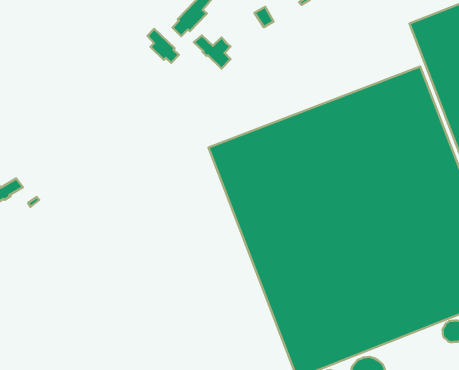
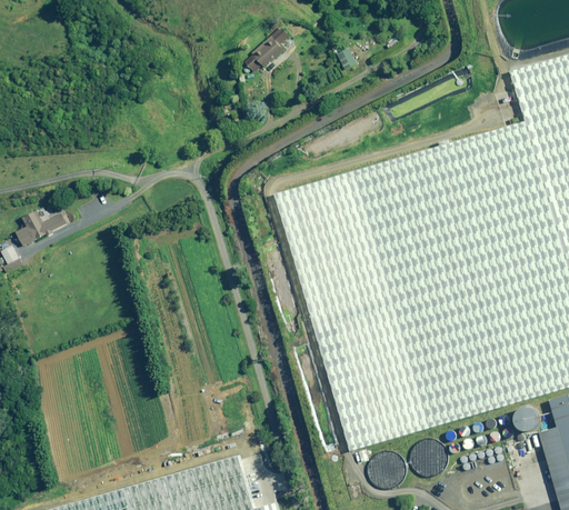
building: [147,29,179,63] -> none
building: [194,35,231,69] -> none

